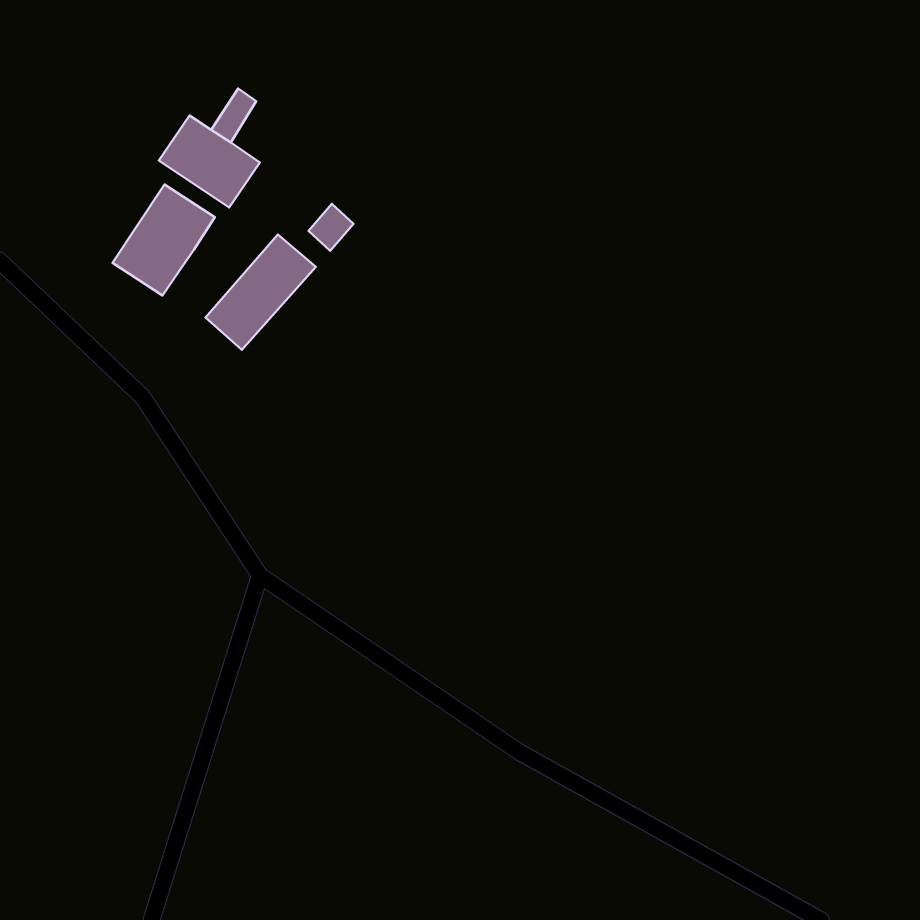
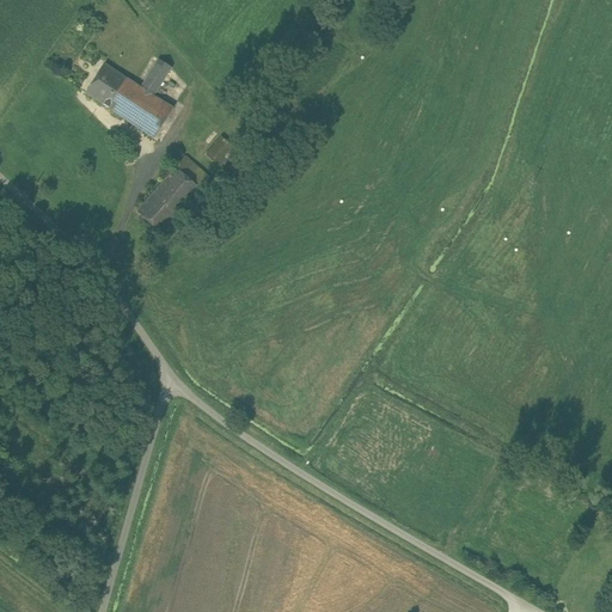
building: none -> [84,63,126,106]
building: [112,184,215,296] -> none

